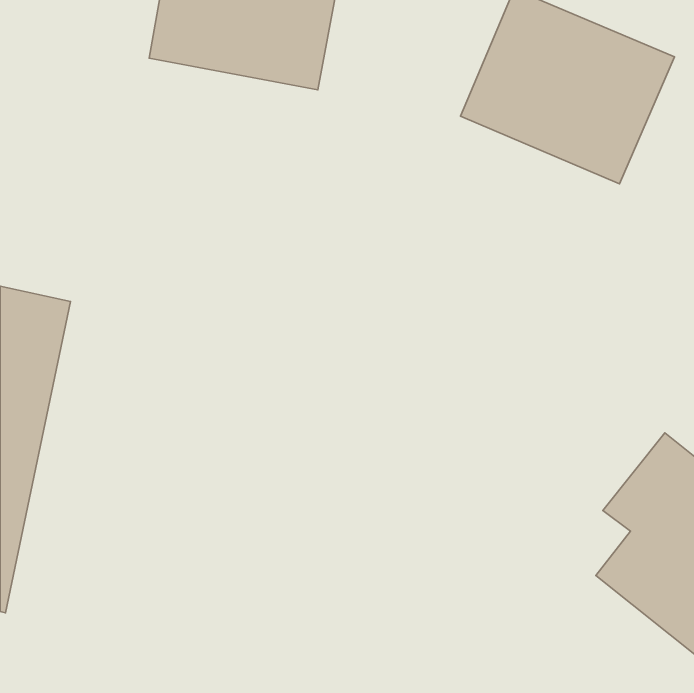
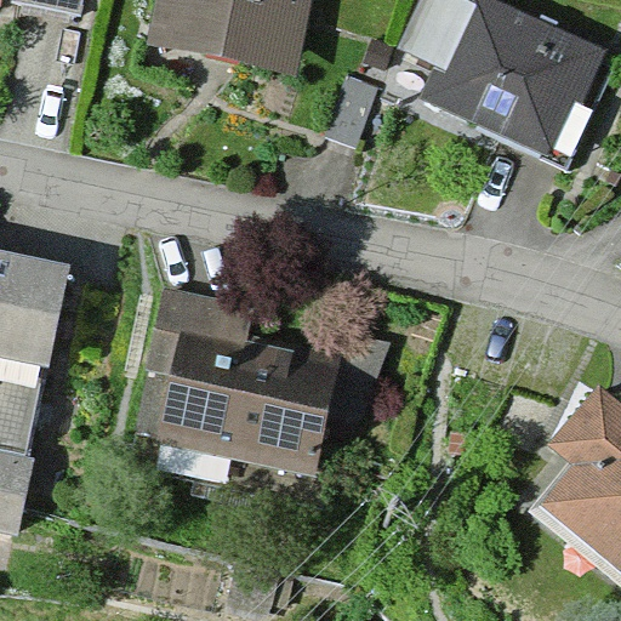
building: none -> [129,284,336,472]

